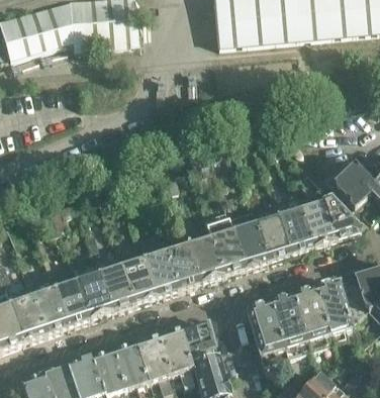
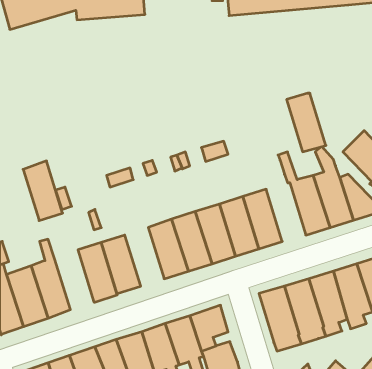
building: [254,206,291,262] -> [287,93,326,152]
building: [119,248,157,304] -> none
building: [53,270,90,326] -> [23,161,63,221]

